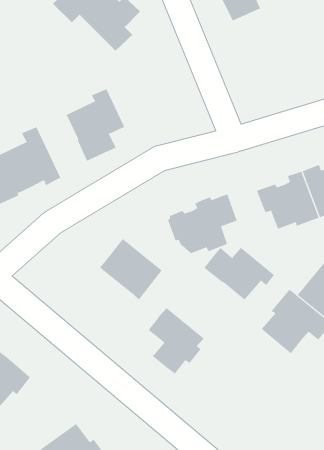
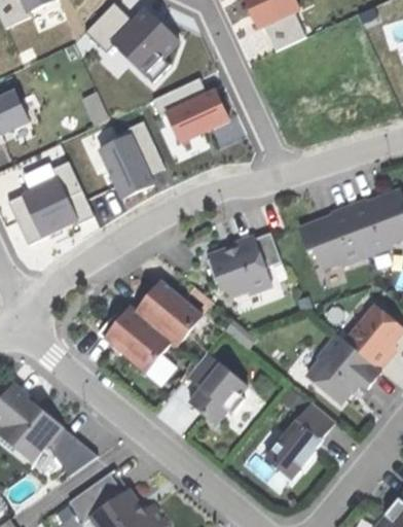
building: none -> [152,78,229,143]
building: [203,243,275,301] -> none
building: none -> [97,306,171,373]
building: none -> [264,401,334,479]
building: none -> [48,427,98,476]

